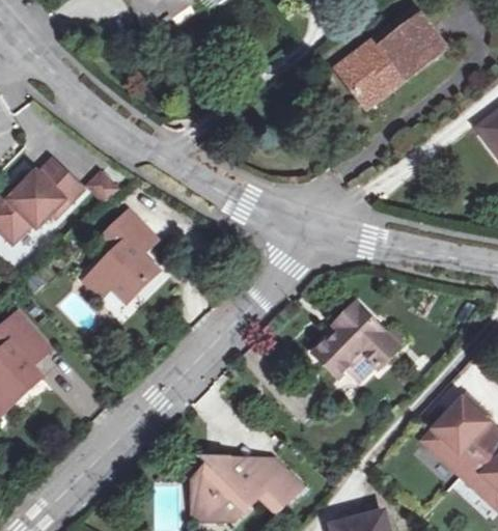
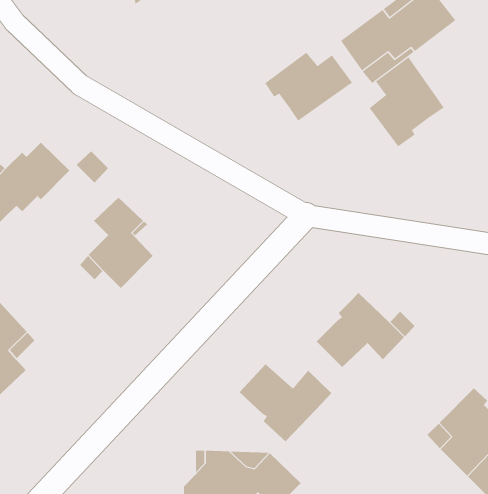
building: none -> [264,52,353,122]
building: none -> [369,56,445,147]
building: none -> [239,364,332,442]

